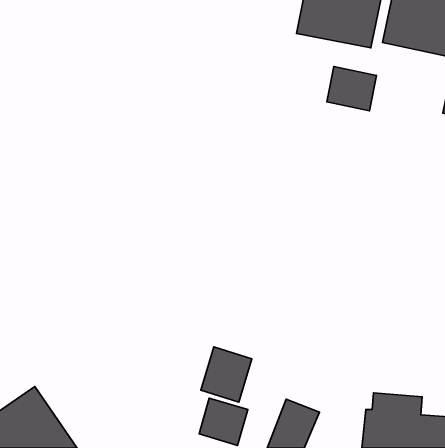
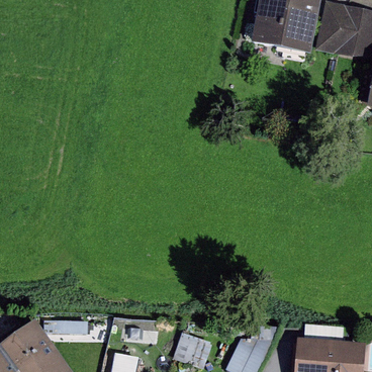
building: [327,66,377,111] -> none
building: [201,347,252,402] -> none

